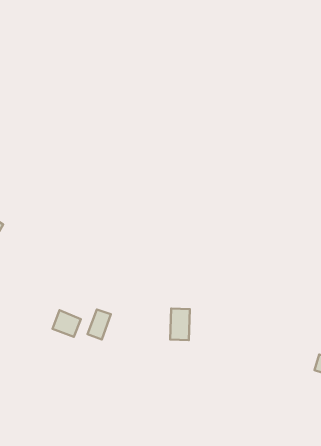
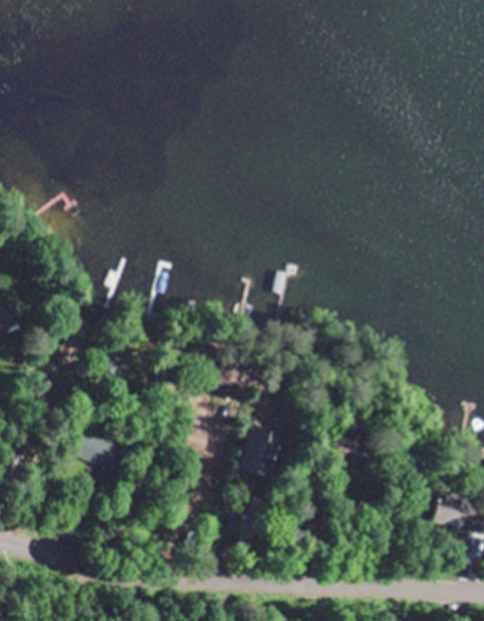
building: [87,309,111,339] -> none

